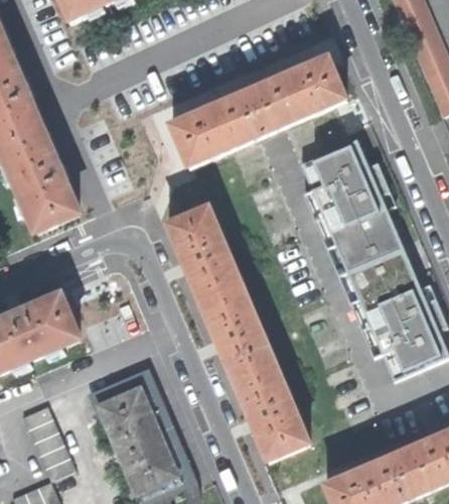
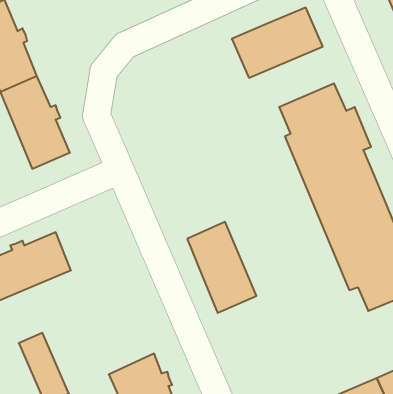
building: [170,91,267,166] -> none
building: [168,206,242,303] -> none
building: [234,364,307,461] -> none
building: [90,375,166,448] -> none

